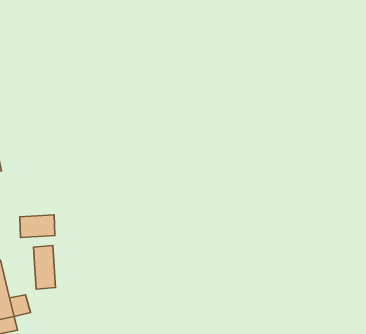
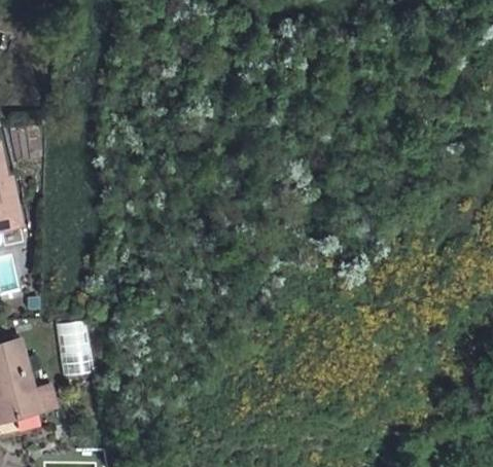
building: [20,215,55,238] -> none

